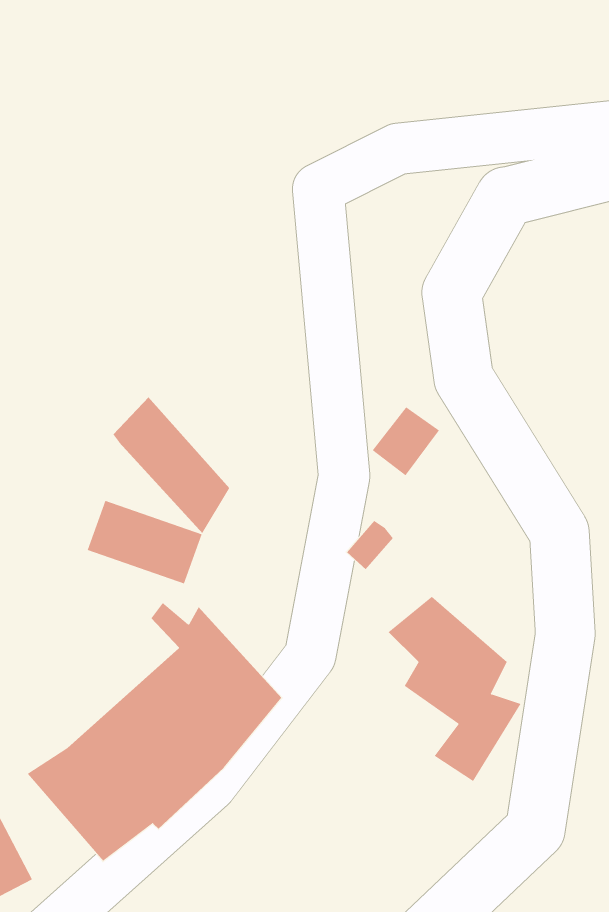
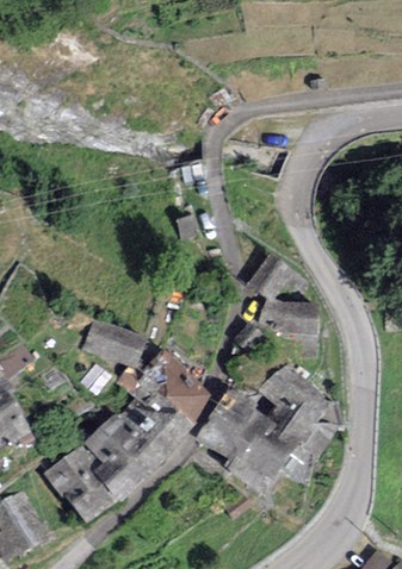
building: [113,396,230,534] -> [141,346,211,429]
building: none -> [260,298,314,326]
building: none -> [194,389,299,496]

